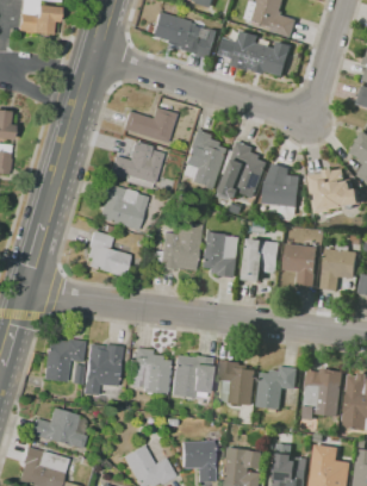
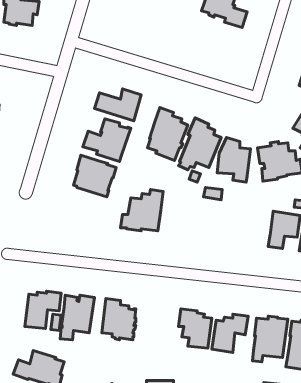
building: [147,12,219,58] -> none
building: [220,30,292,76] -> none
building: [87,230,130,278] -> none
building: [200,231,242,278] -> none
building: [244,238,281,280] -> none
building: [285,243,321,287] -> none
building: [172,355,214,399] -> none

